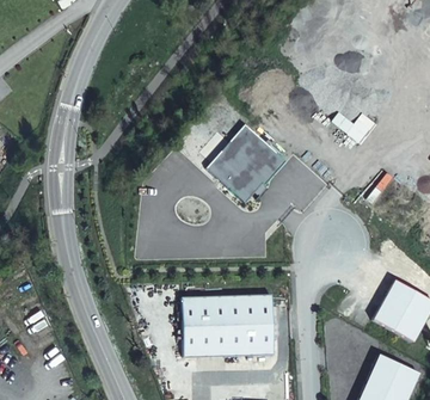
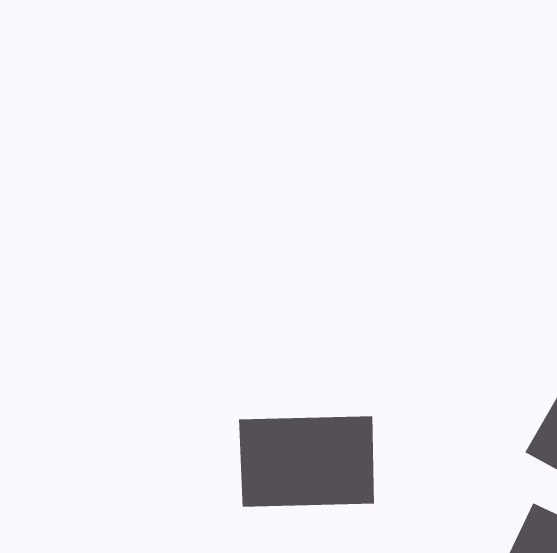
building: [207,123,288,203] -> none

